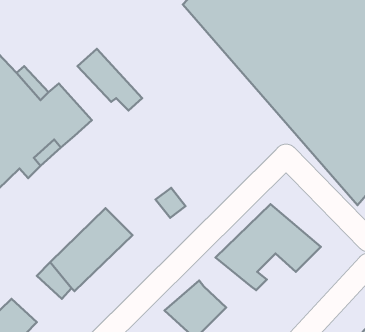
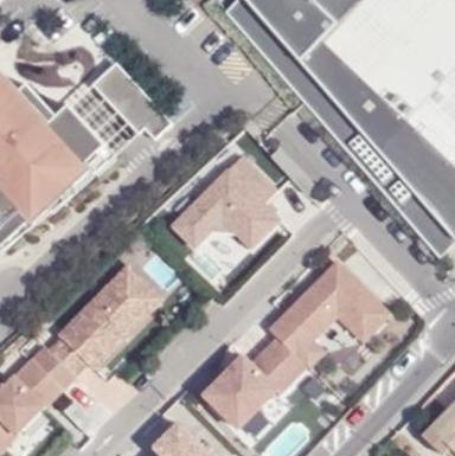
building: none -> [169,155,283,248]
building: none -> [251,334,309,385]
building: none -> [15,346,77,403]

